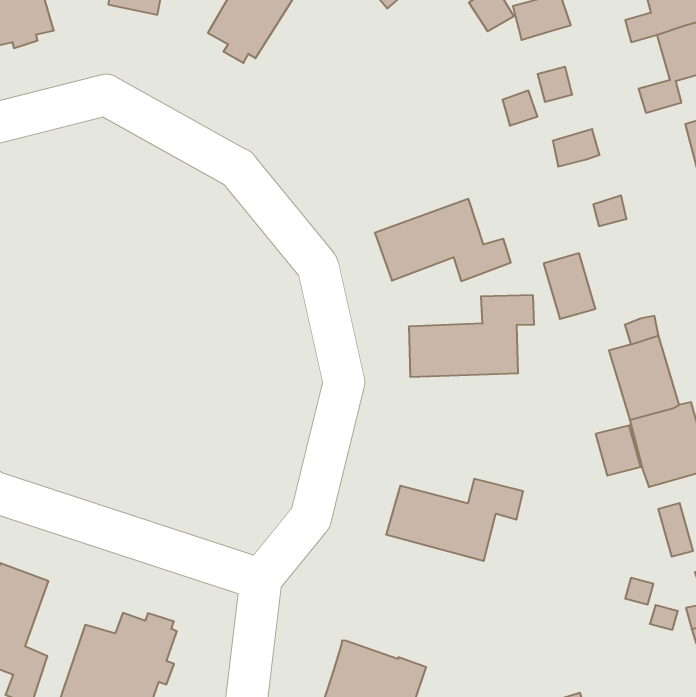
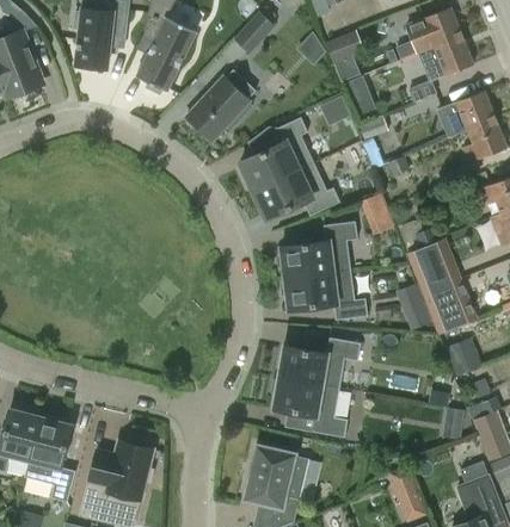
building: none -> [185,69,254,142]
building: none -> [238,118,309,192]
building: none -> [281,271,367,321]
building: none -> [271,378,346,438]

